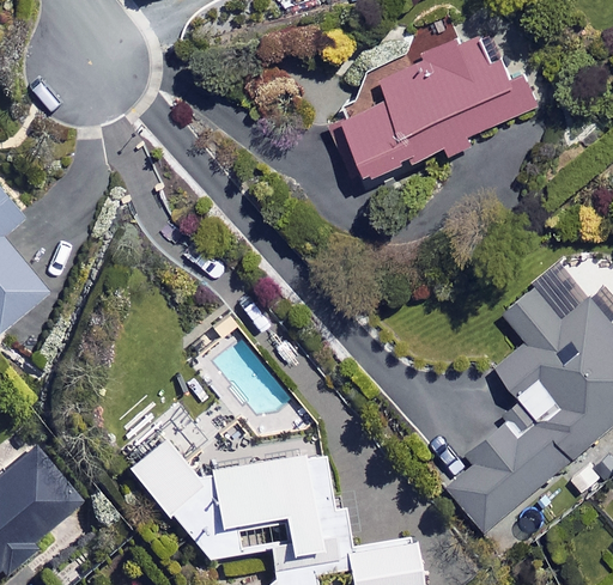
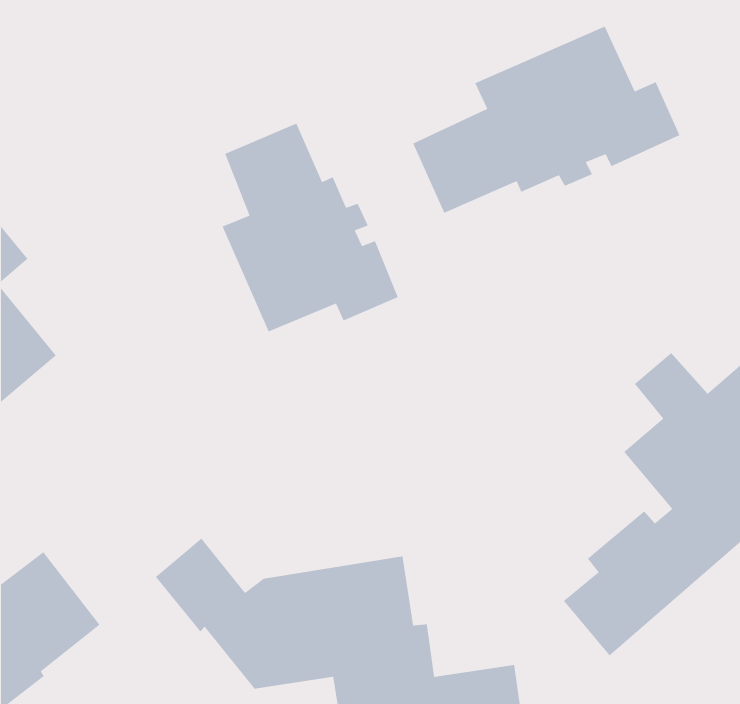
building: none -> [222,122,399,332]

